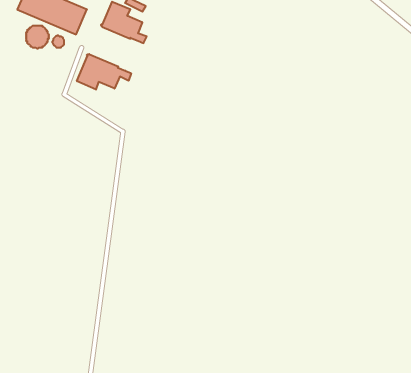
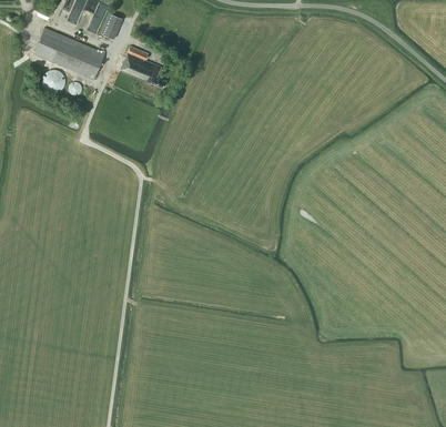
building: [77,54,131,90] -> none

